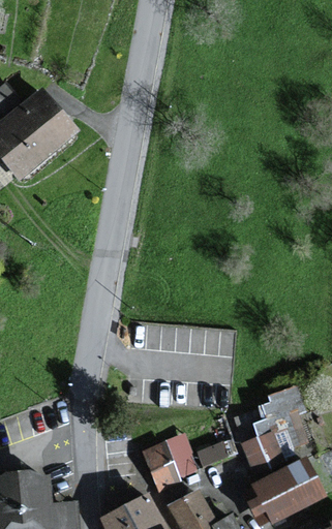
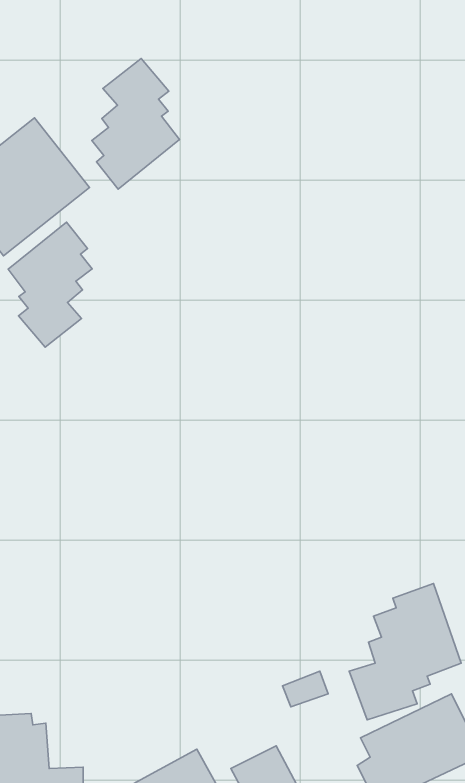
building: none -> [92,59,179,189]
building: none -> [8,222,92,347]
building: [145,435,201,489] -> none

